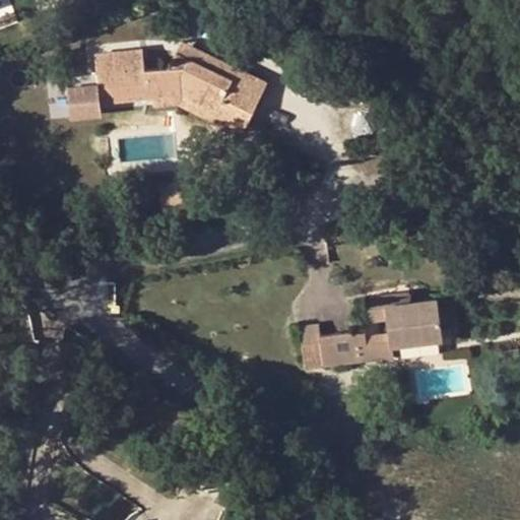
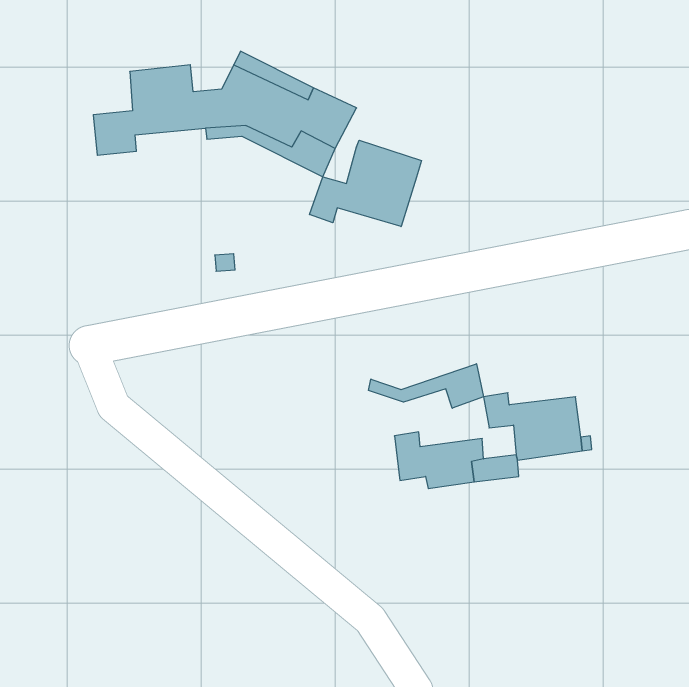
building: none -> [310,140,421,227]
building: none -> [368,364,484,408]

